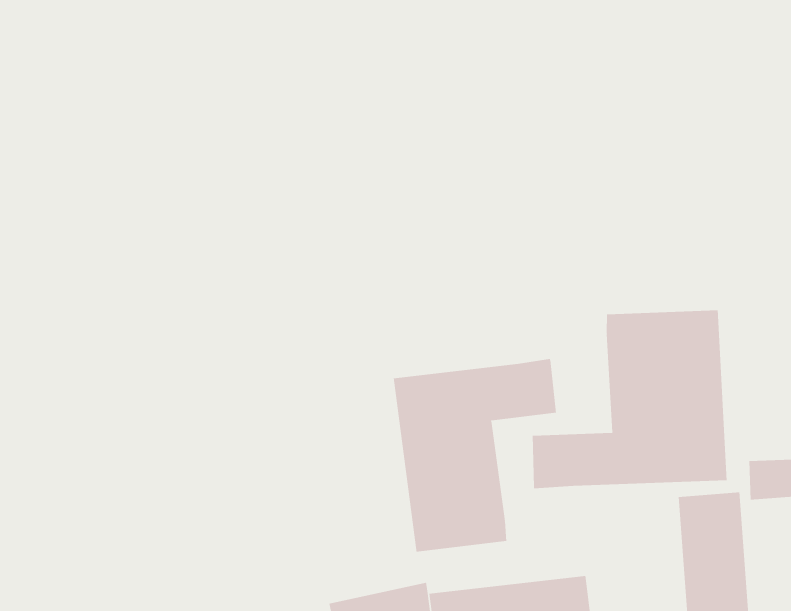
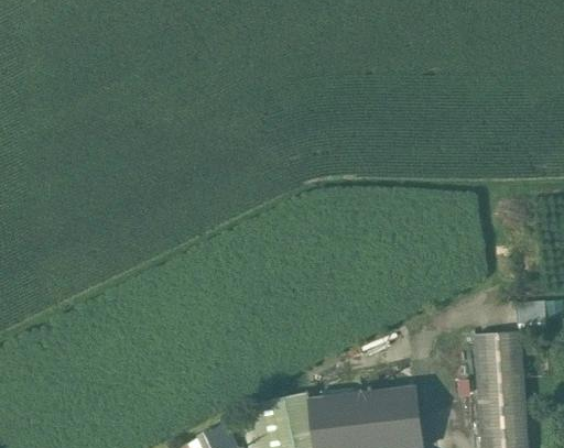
building: [532,309,727,489] -> none
building: [393,358,557,552] -> none

